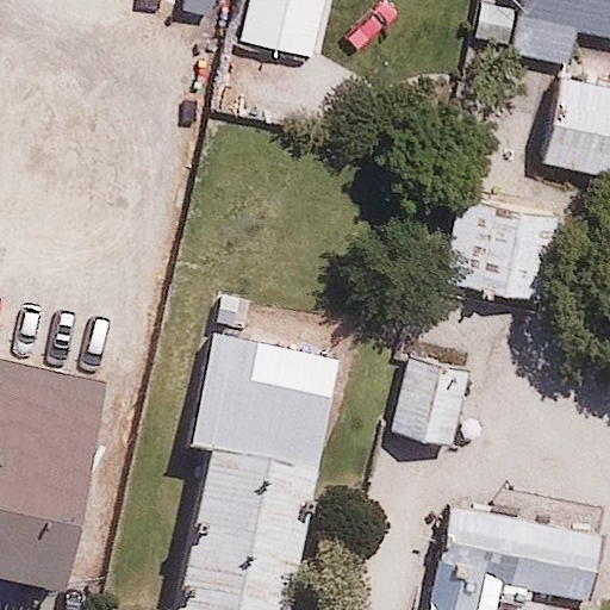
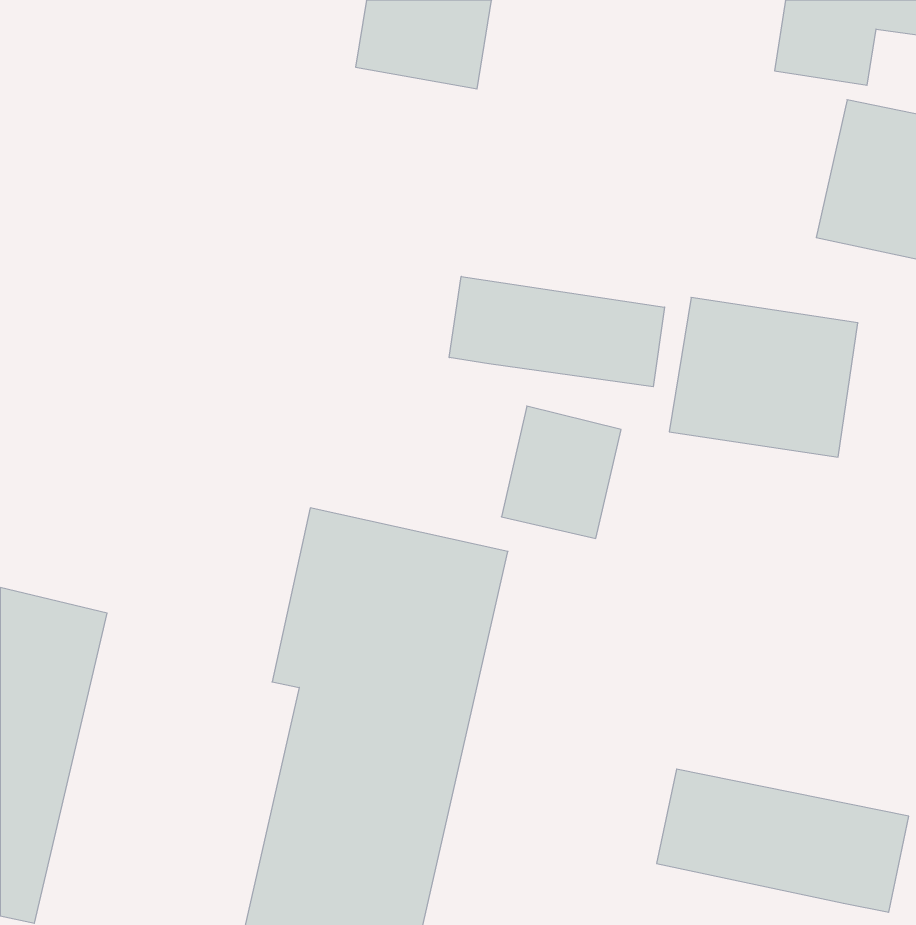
building: none -> [449,276,665,387]
building: [393,355,472,442] -> [501,406,621,538]

